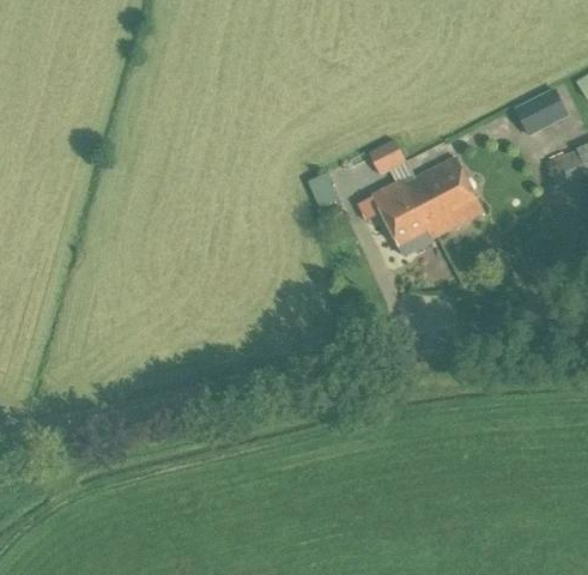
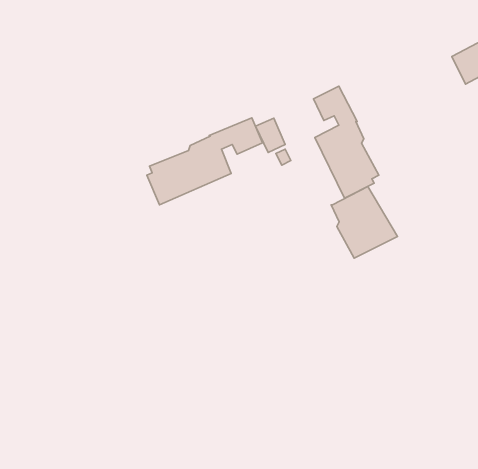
building: [414,157,484,232] -> [331,186,397,258]
building: none -> [147,118,263,205]

